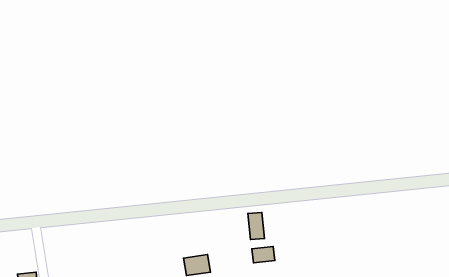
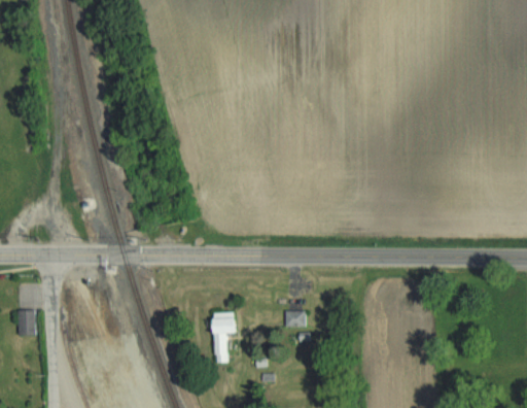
building: [248,212,265,240] -> none

